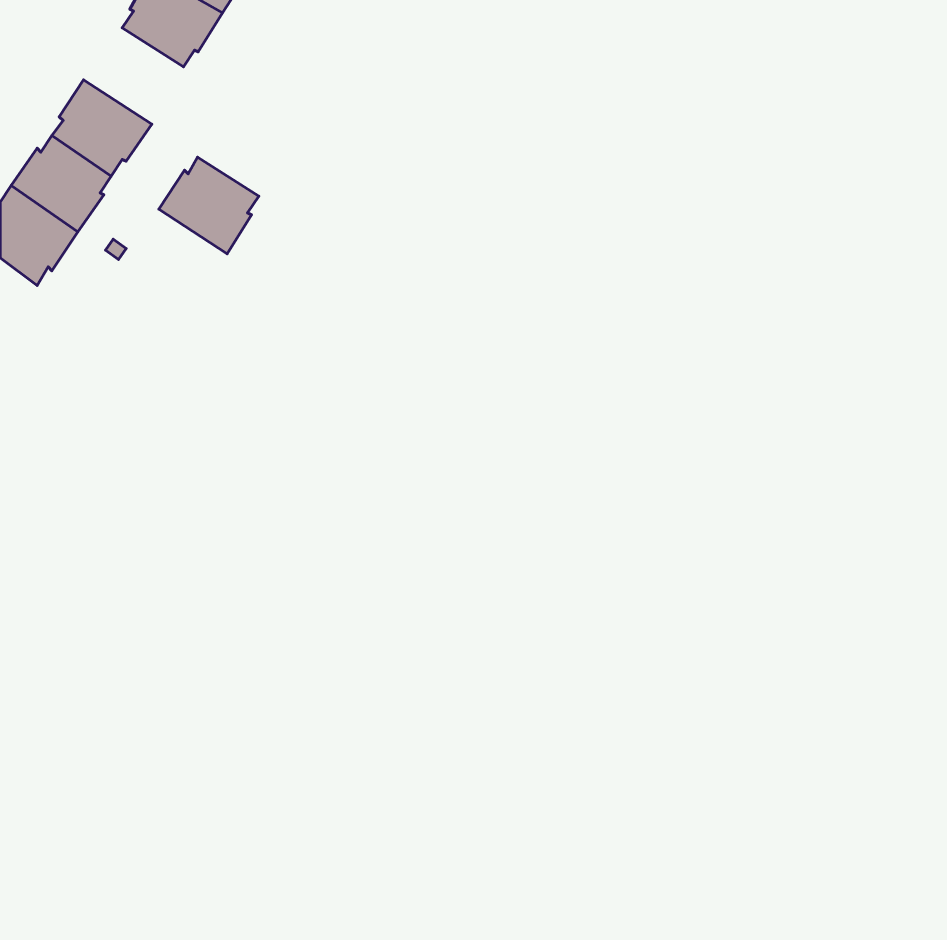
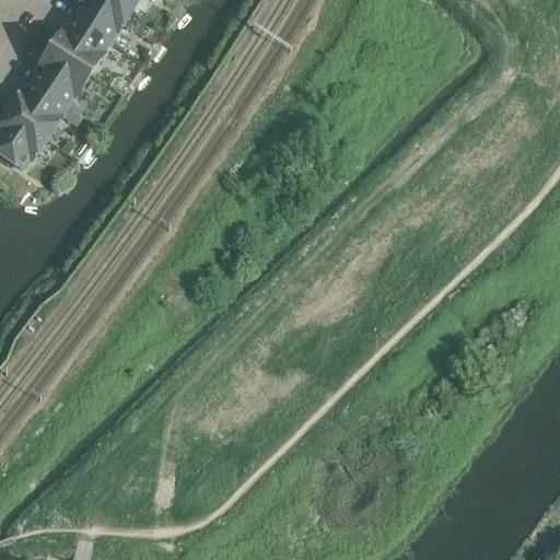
building: [159,157,259,254] -> [49,16,108,73]

